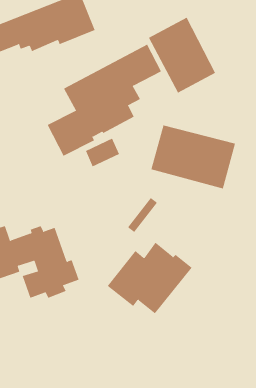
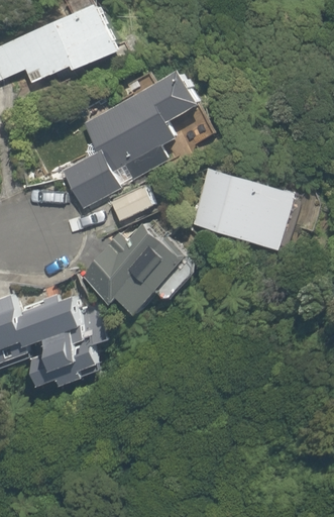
building: [148,17,216,93] -> none
building: [107,242,193,314] -> [80,223,187,313]

